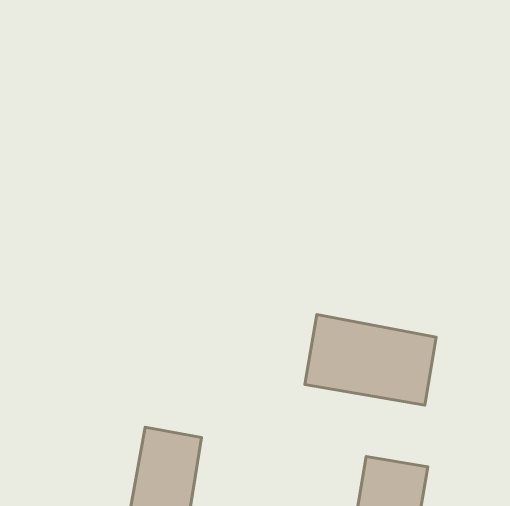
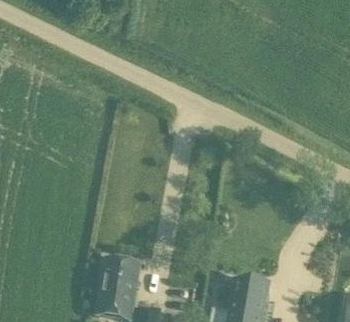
building: [305,315,436,405] -> none

